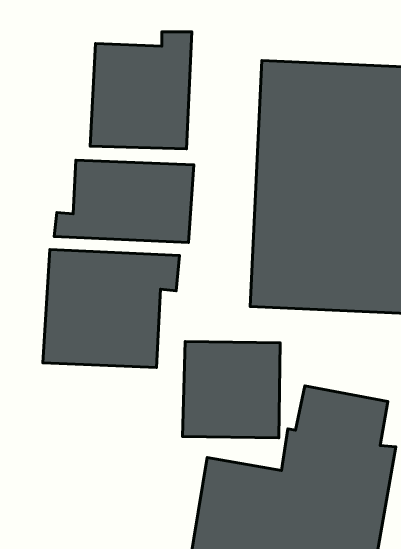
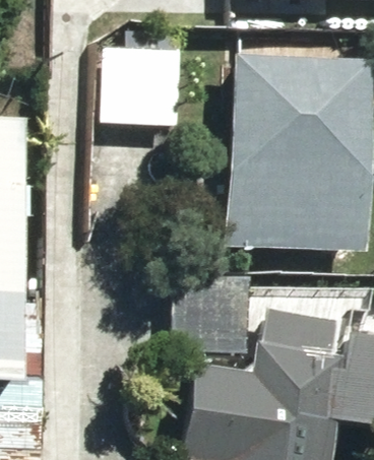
building: [54,160,194,243] -> none
building: [43,249,179,368] -> none

